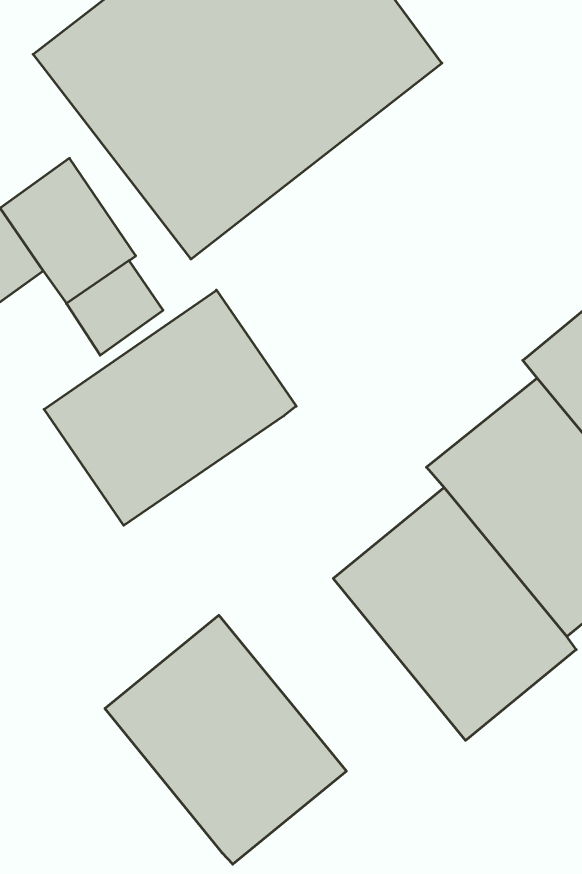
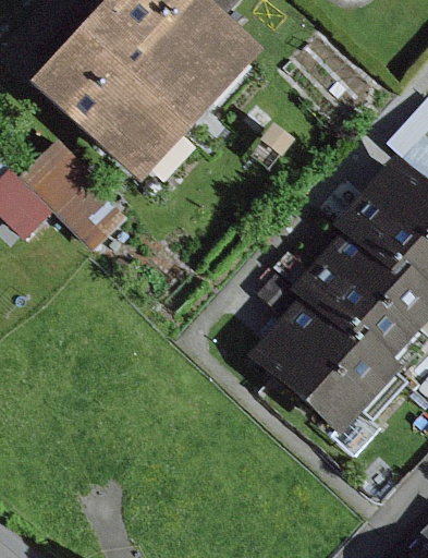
building: [44,290,296,525] -> none
building: [105,615,346,864] -> none

